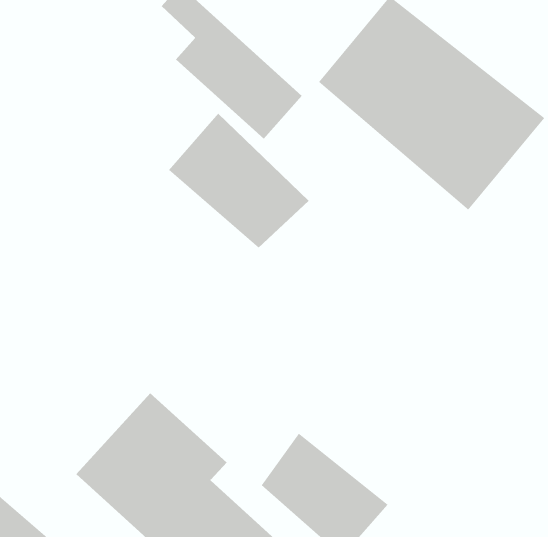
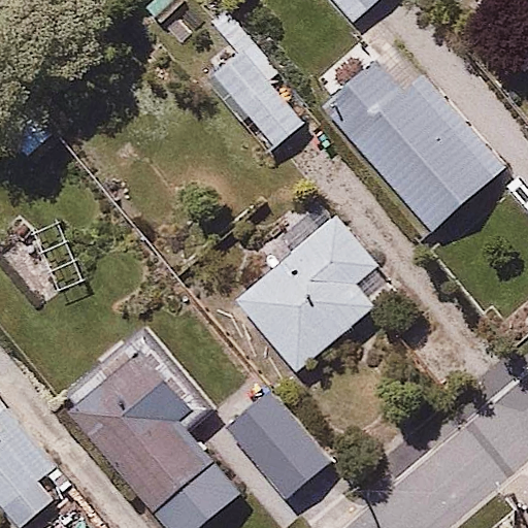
building: [168,113,309,249] -> none
building: none -> [238,209,382,369]

